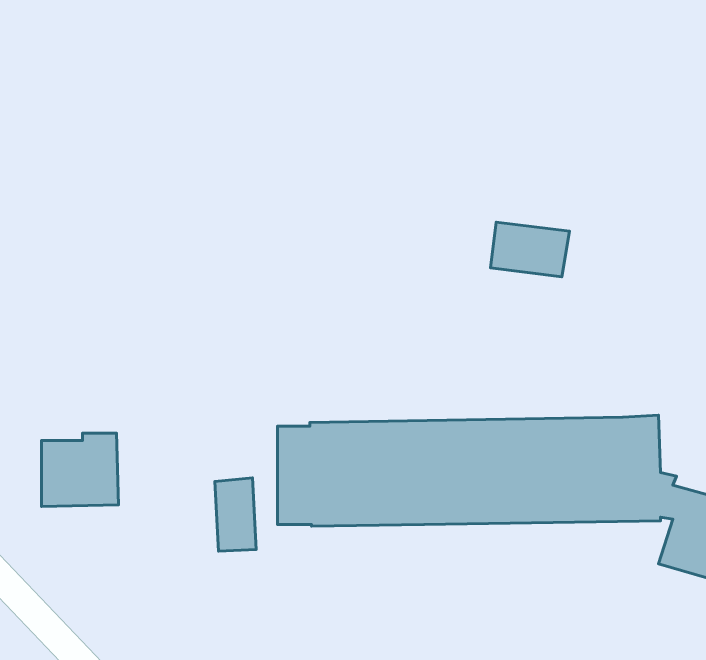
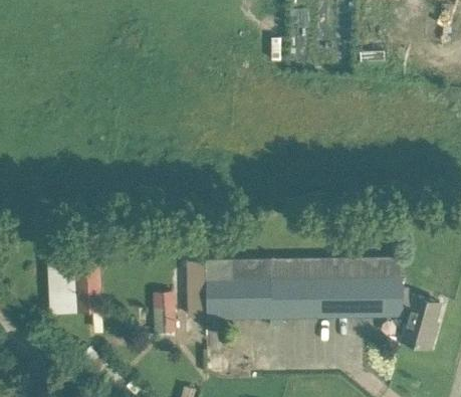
building: [491,222,569,277] -> none

